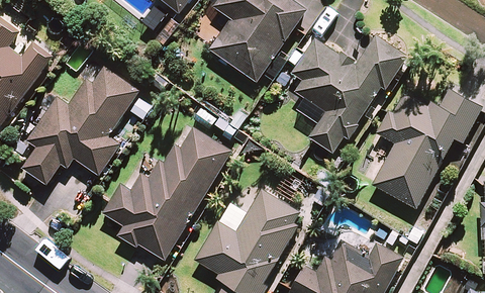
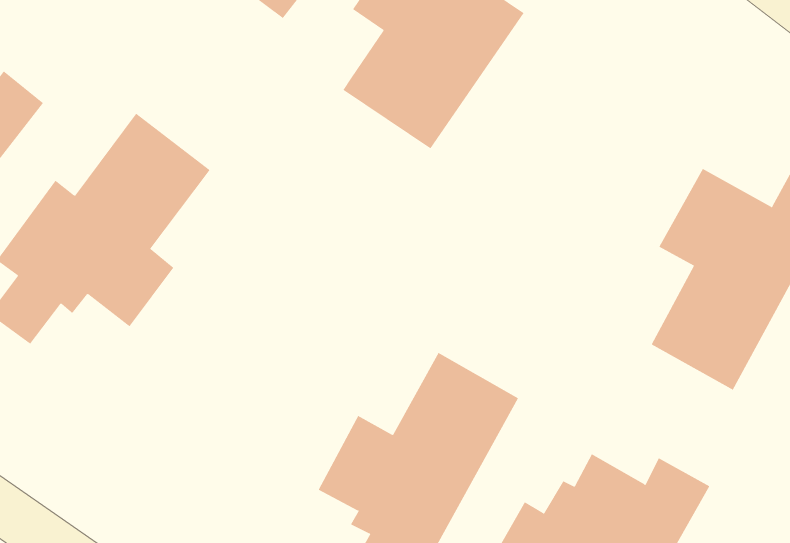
building: [290,36,404,154] -> none
building: [102,127,231,260] -> none

